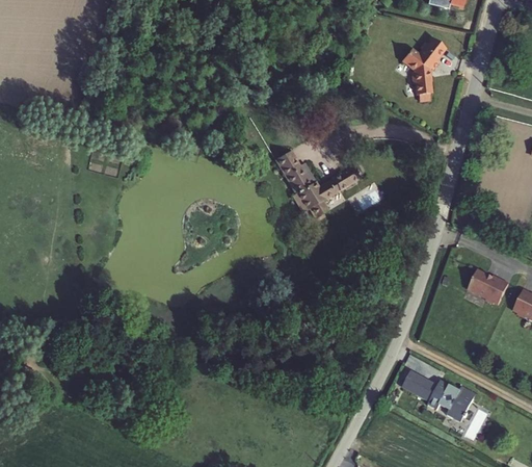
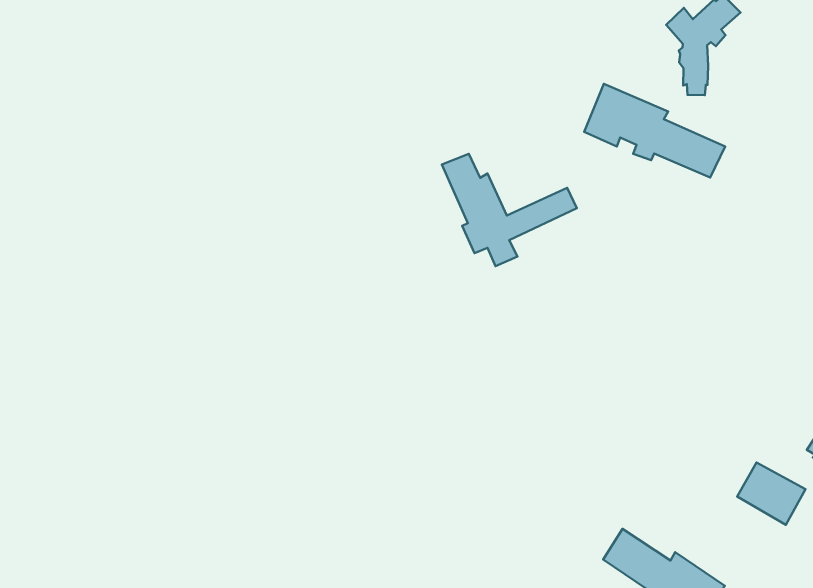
building: none -> [584,84,725,178]
building: [469,269,509,305] -> [737,463,806,525]

